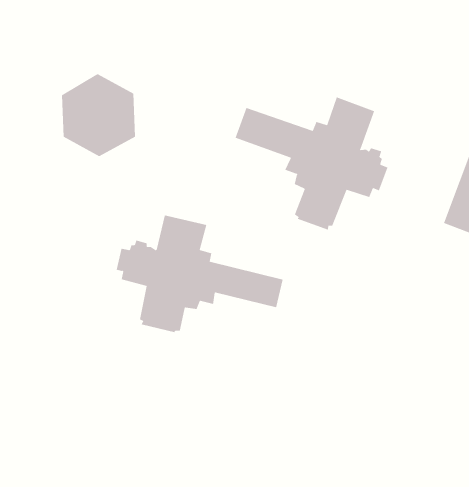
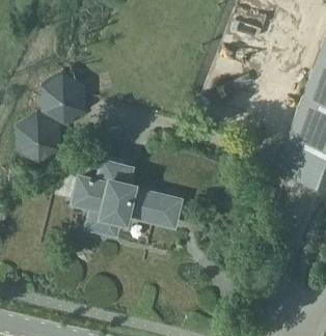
building: [235,96,388,230] -> none
building: none -> [17,113,59,163]

